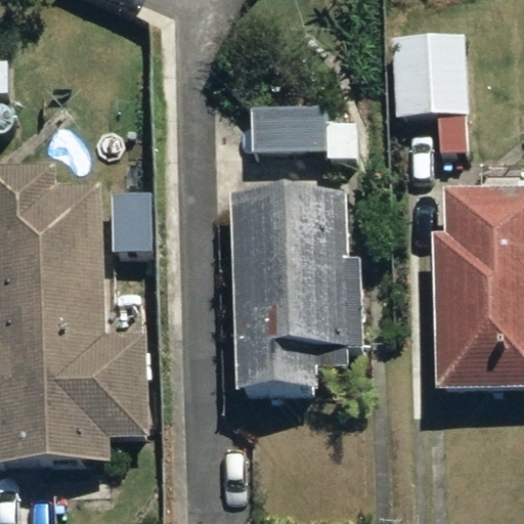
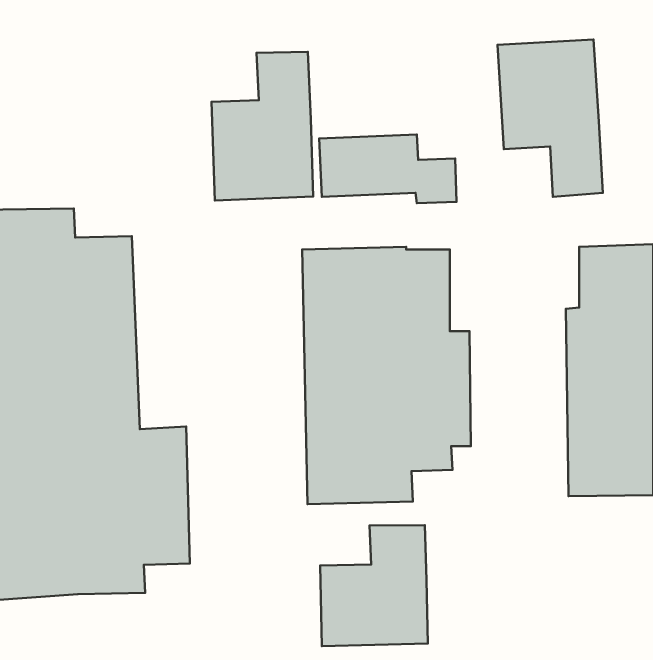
building: none -> [212,52,313,200]
building: none -> [320,525,428,646]

